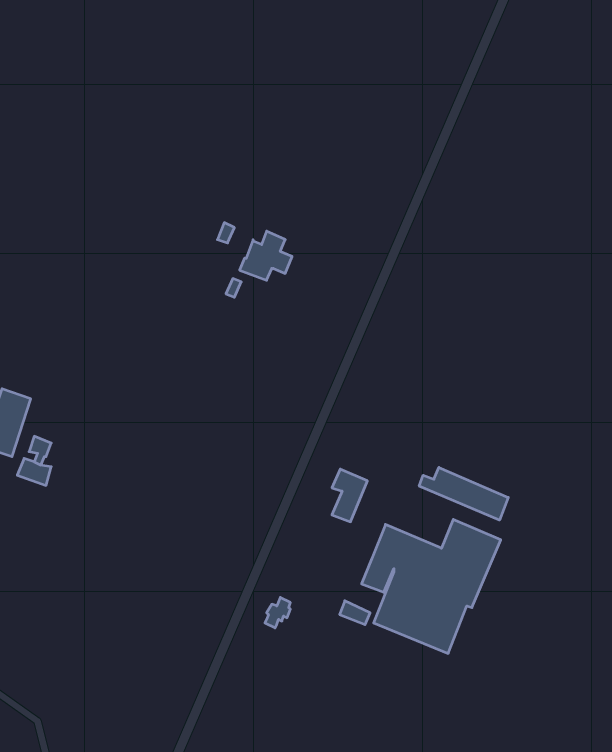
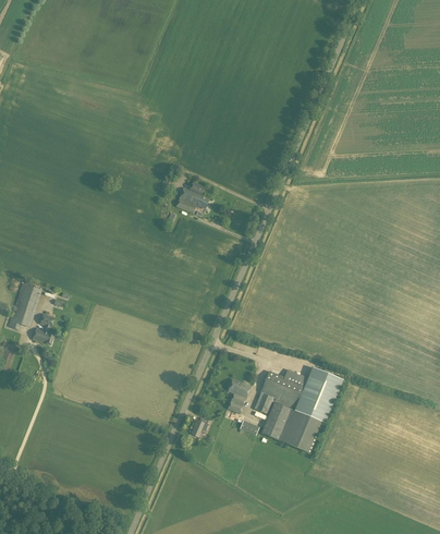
building: [419,467,508,520] -> none
building: [332,469,367,522] -> [227,378,249,412]

